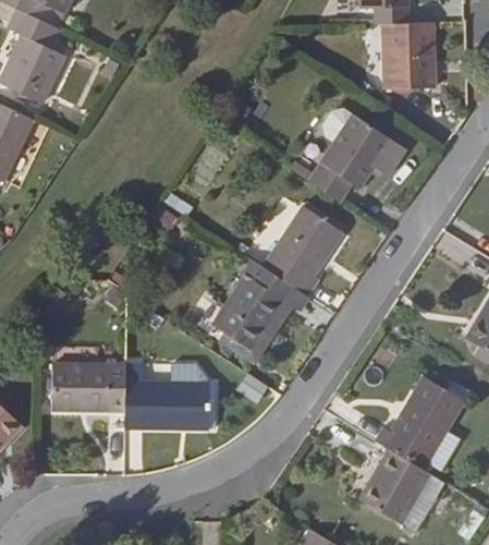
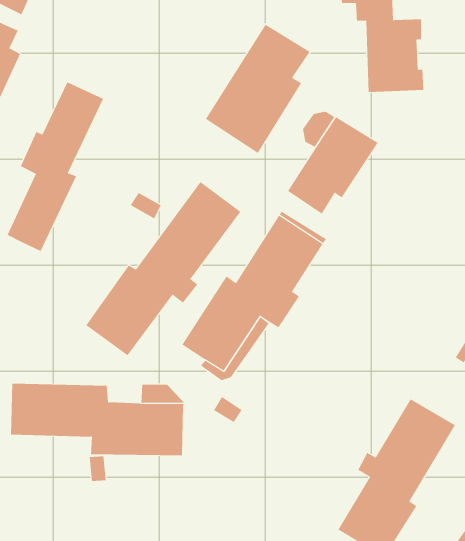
building: none -> [204,24,310,154]
building: none -> [7,81,104,252]
building: none -> [86,181,241,356]

